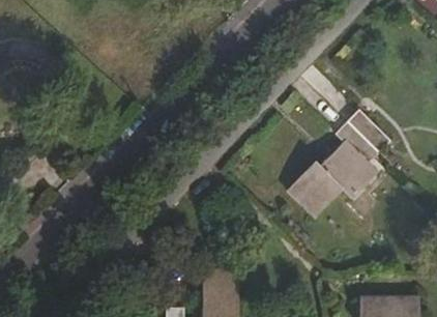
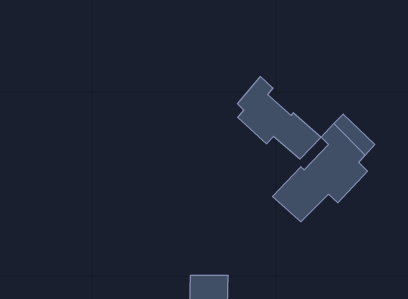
building: none -> [238,77,321,159]

